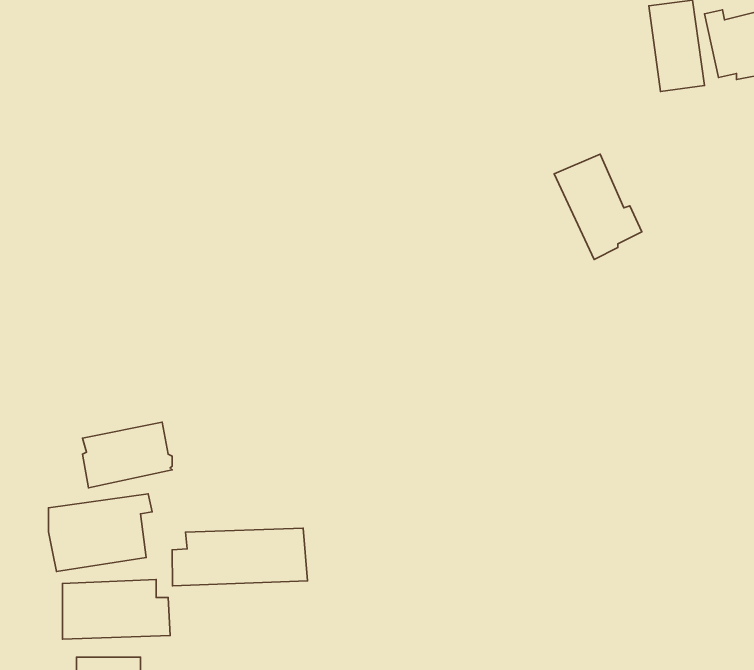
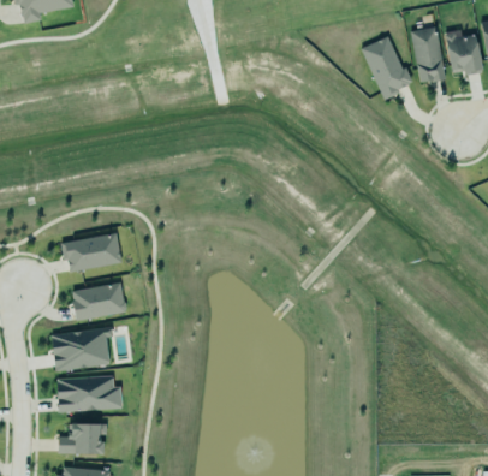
building: [554,154,642,260] -> [358,35,411,99]
building: none -> [63,233,123,273]
building: [172,528,308,586] -> none

